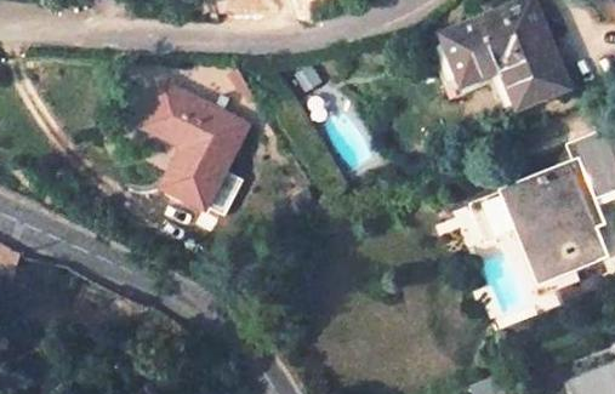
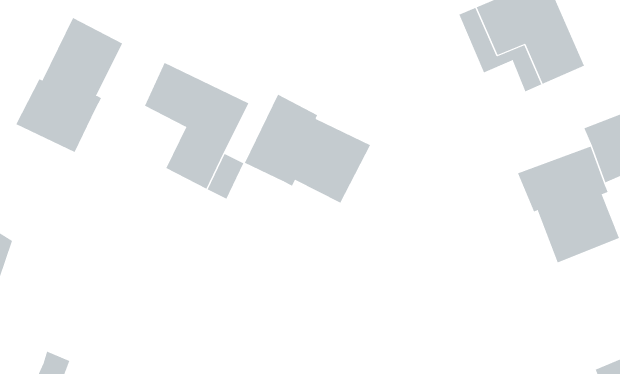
building: none -> [15,17,123,153]
building: none -> [244,94,371,204]

